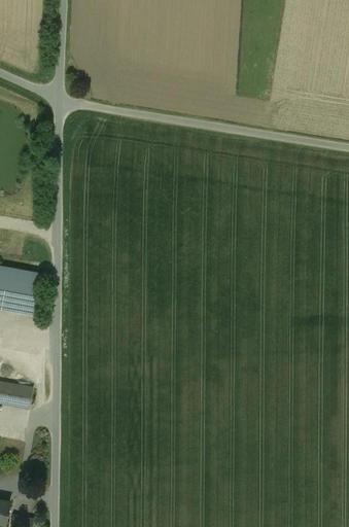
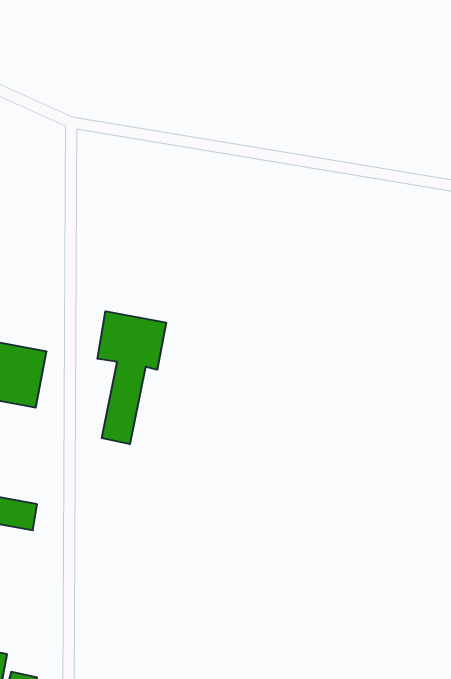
building: none -> [98,311,166,444]

